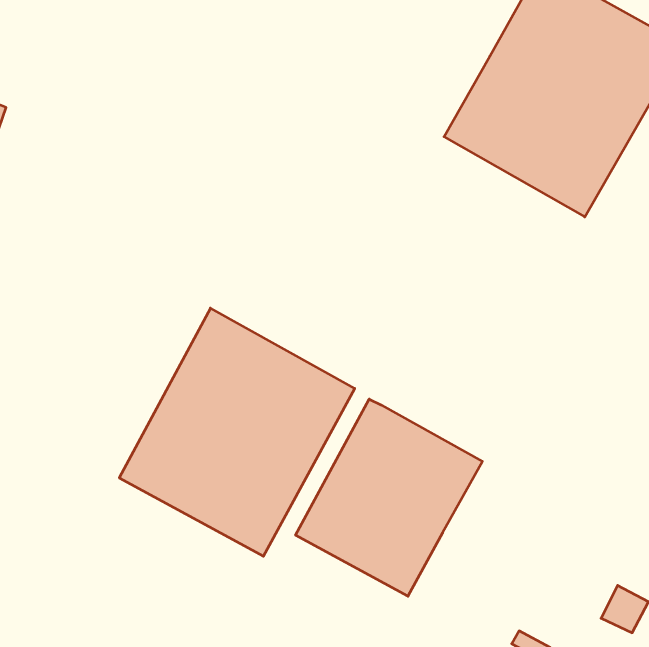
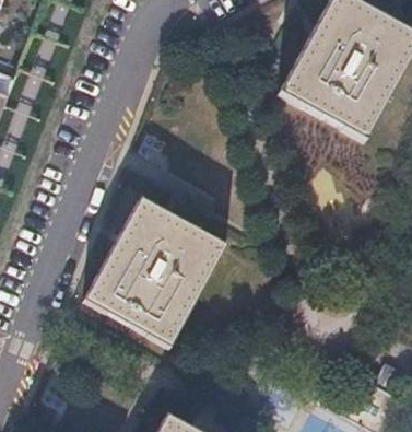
building: [296,399,482,596] -> none

